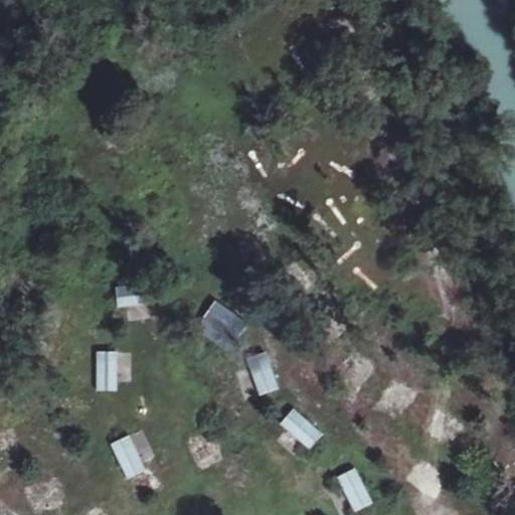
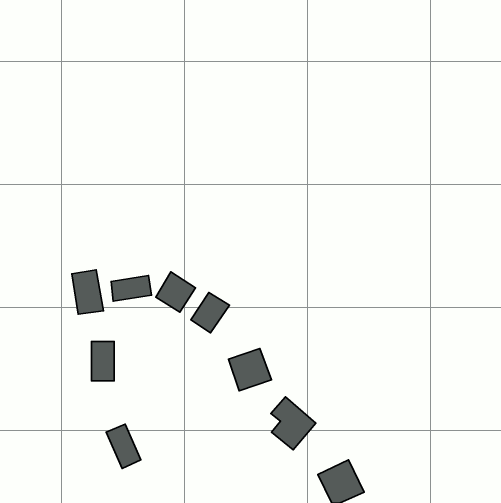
building: none -> [72,270,103,314]
building: none -> [156,272,195,312]

